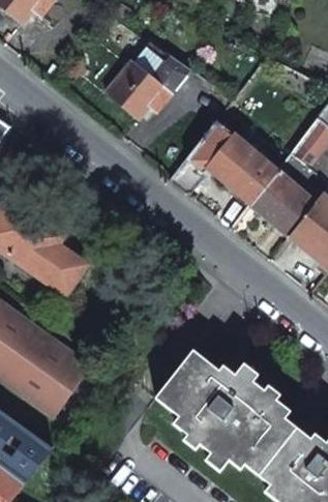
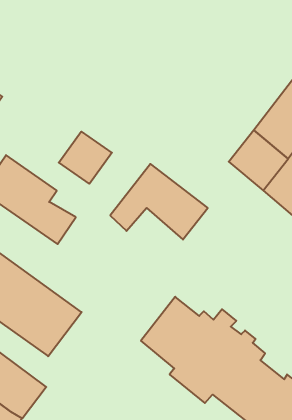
building: [105,43,189,121] -> none
building: [171,122,276,204] -> [110,164,208,240]
building: none -> [59,132,112,184]

